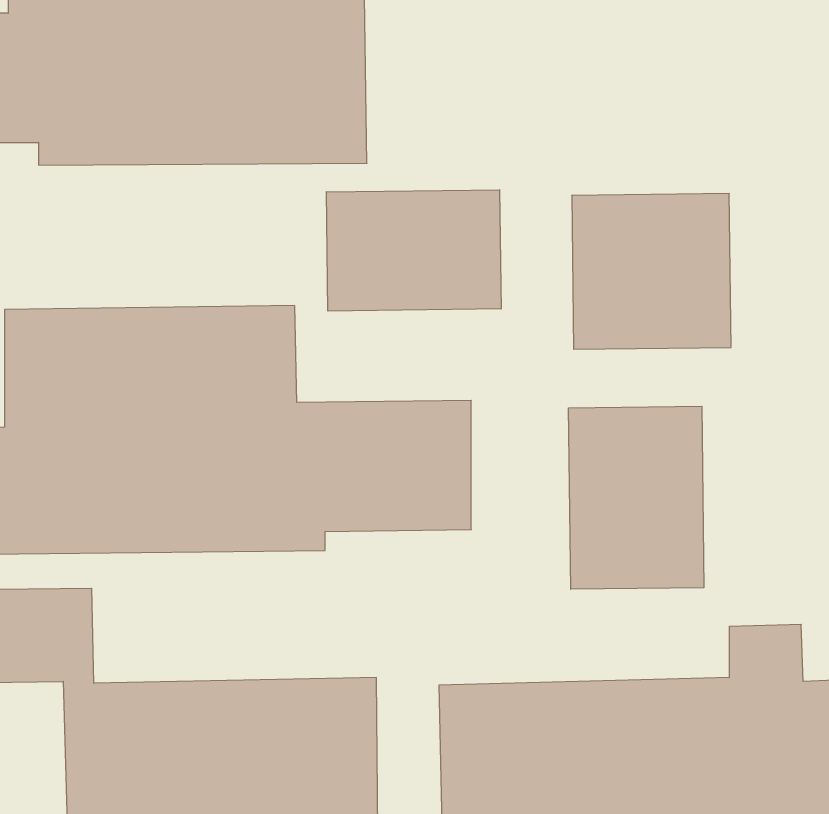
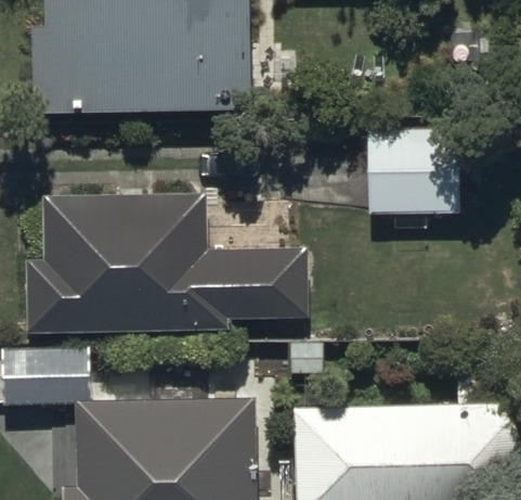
building: [326,190,501,311] -> none
building: [569,406,704,589] -> none

